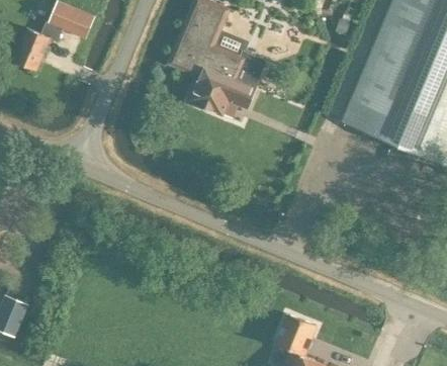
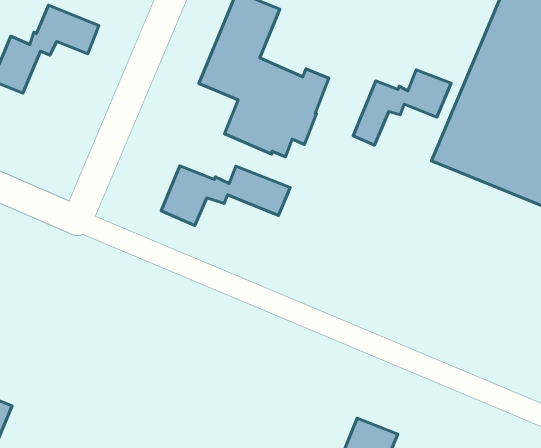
building: none -> [353,70,451,145]
building: none -> [161,166,290,225]

